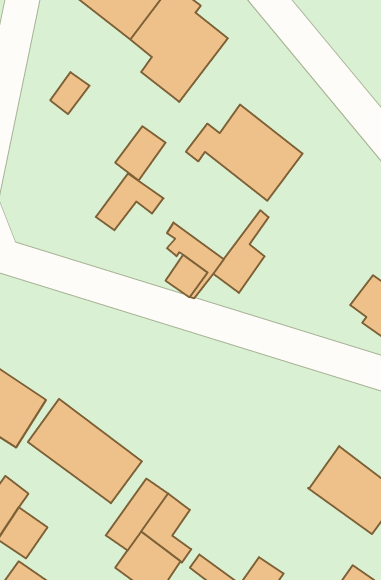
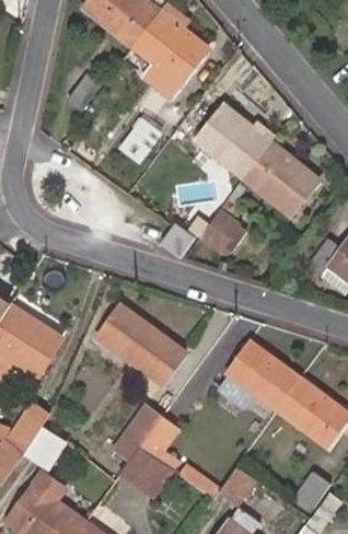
building: none -> [242,140,320,218]
building: [96,174,164,230] -> none
building: [28,399,142,503] -> [95,302,187,386]
building: none -> [218,344,298,410]

